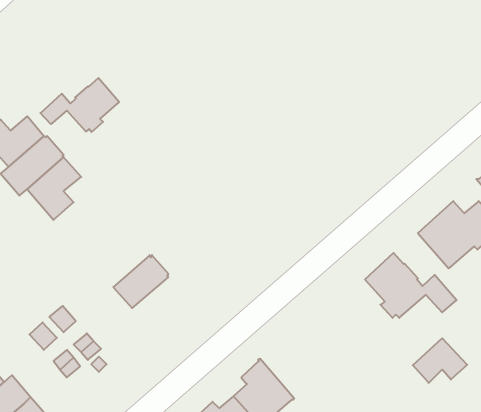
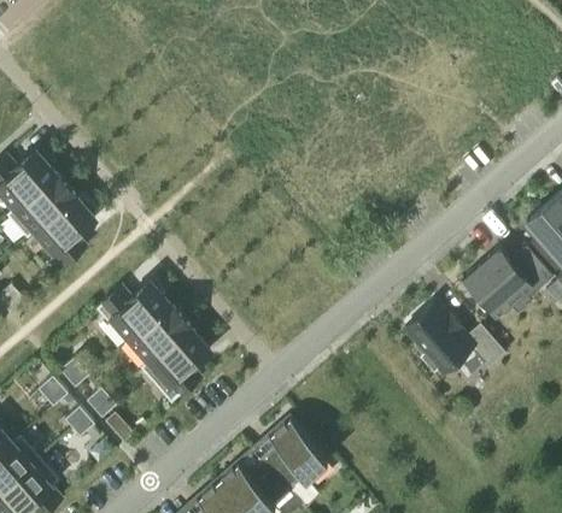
building: [40,78,119,132] -> none
building: none -> [100,282,170,338]
building: none -> [142,328,210,403]
building: [413,338,467,383] -> none

